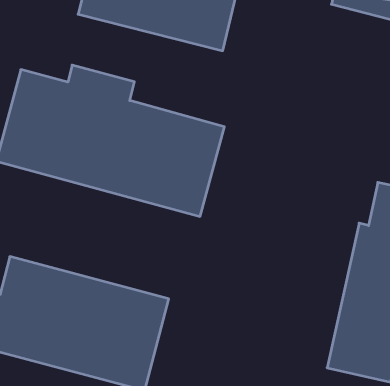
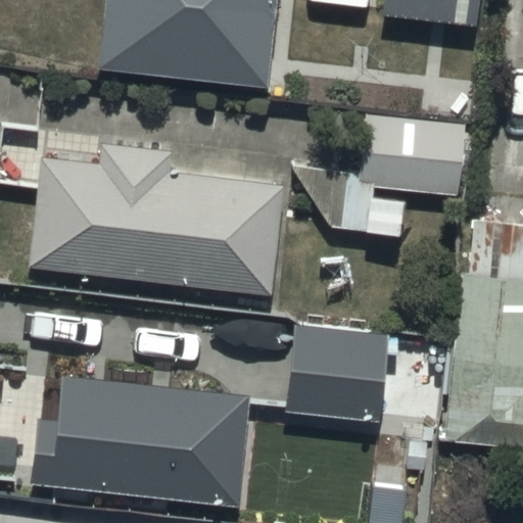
building: none -> [327,116,463,234]
building: none -> [285,325,387,418]

